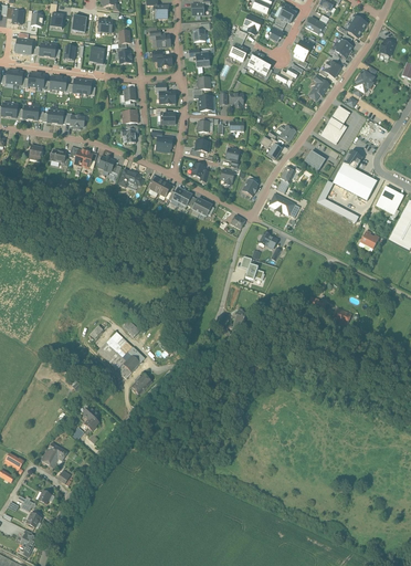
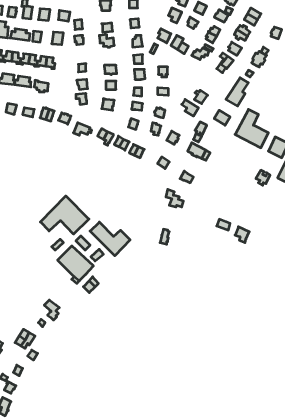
building: none -> [40,196,89,234]
building: none -> [90,222,130,256]

